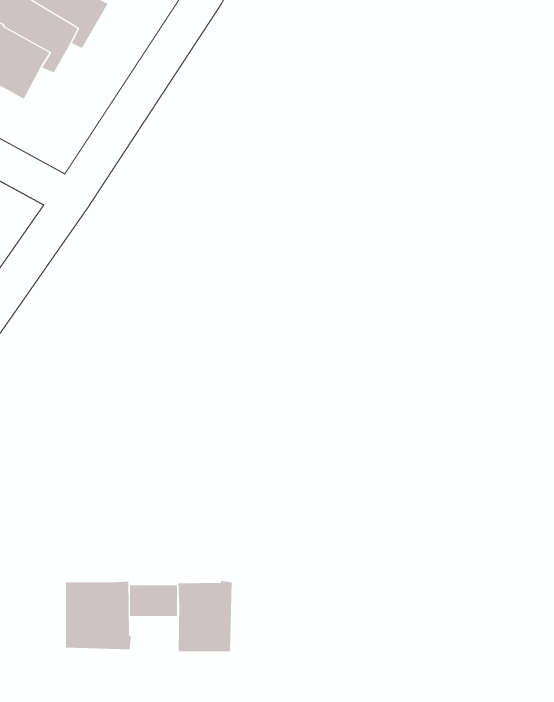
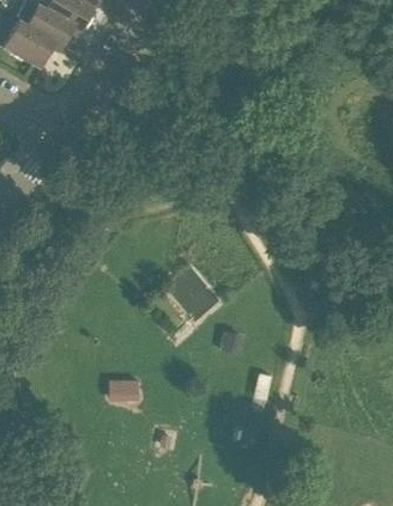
building: [178,580,235,652] -> none
building: [66,581,131,654] -> none

